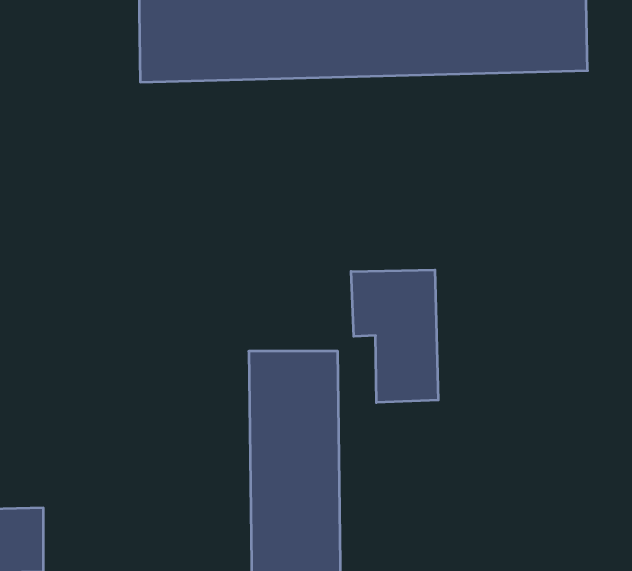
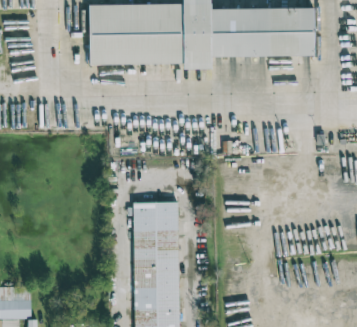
building: [351,270,438,403] -> none

